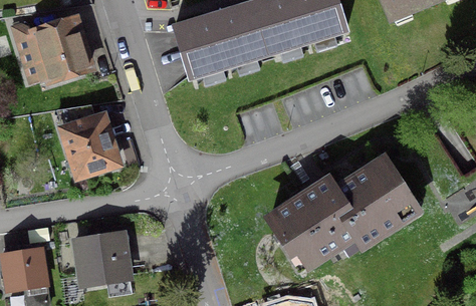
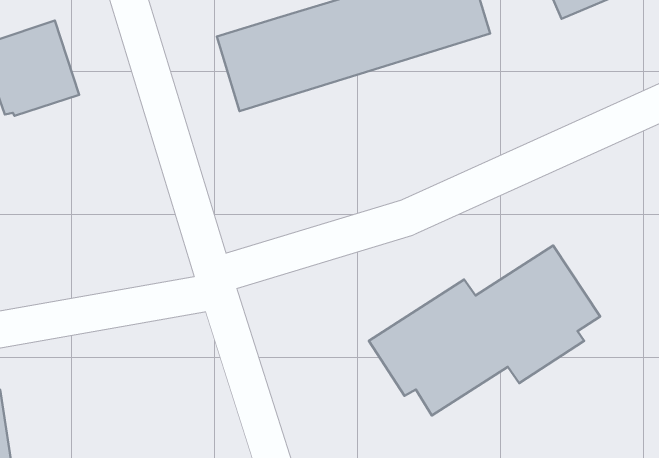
building: [57,105,116,175] -> none
building: [75,233,129,283] -> none

